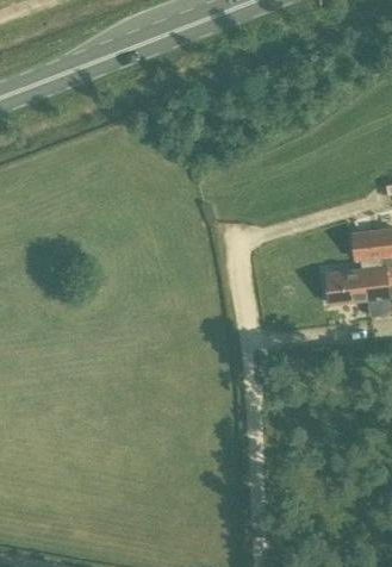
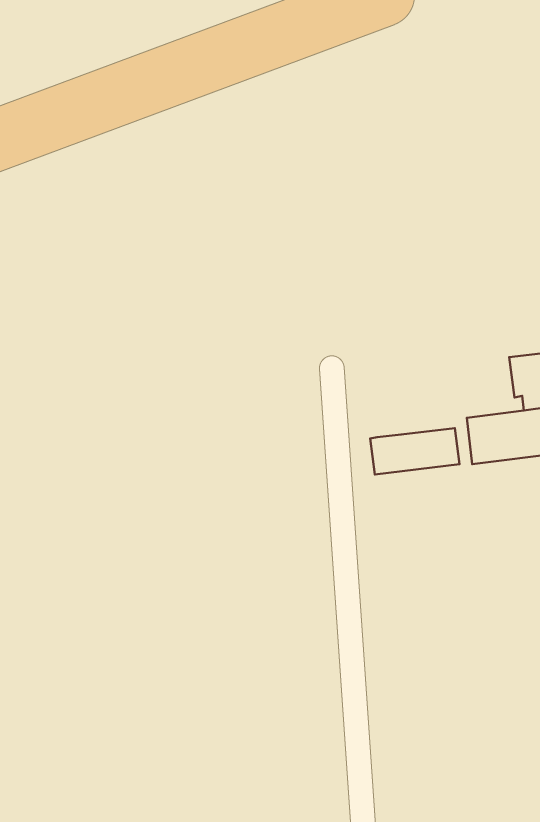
building: none -> [370,428,459,474]

